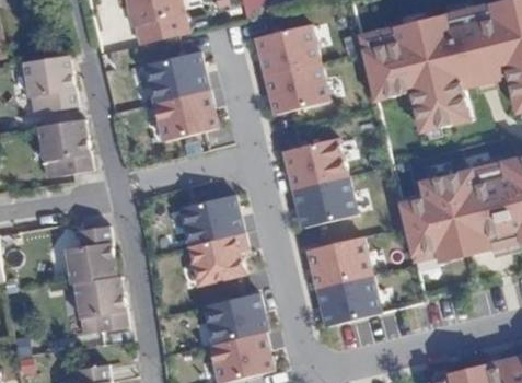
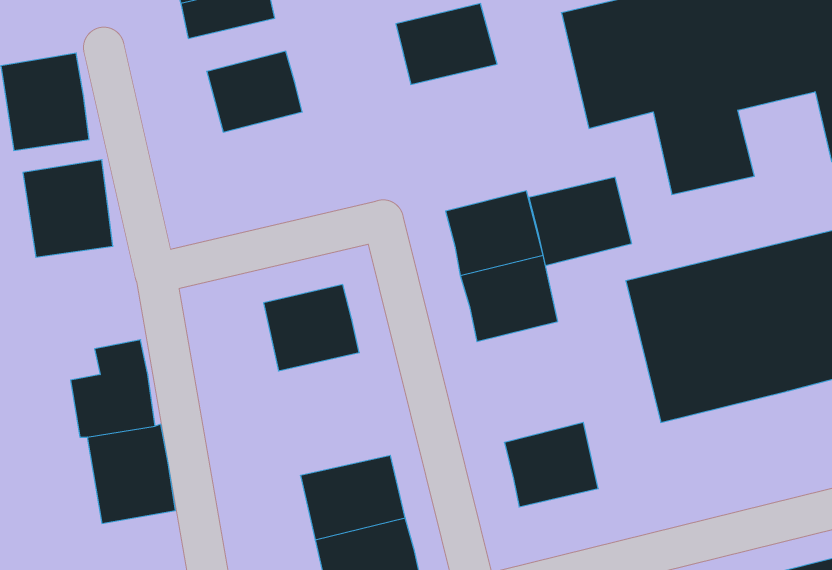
building: [268,61,329,114] -> [529,177,632,265]
building: [156,90,214,142] -> none
building: [189,233,241,283] -> none
building: [314,236,371,287] -> none

